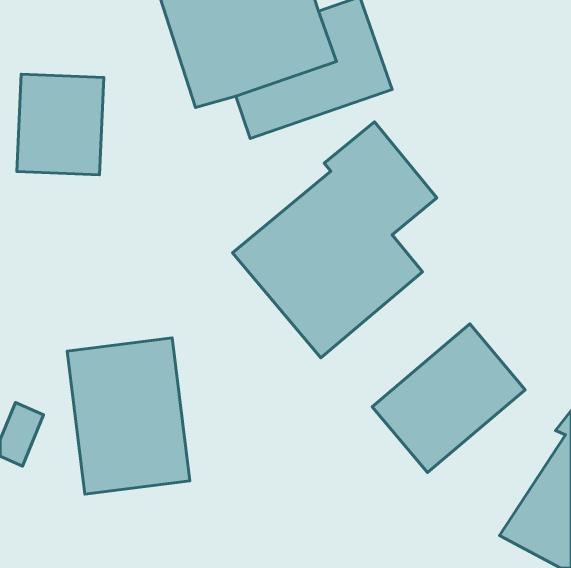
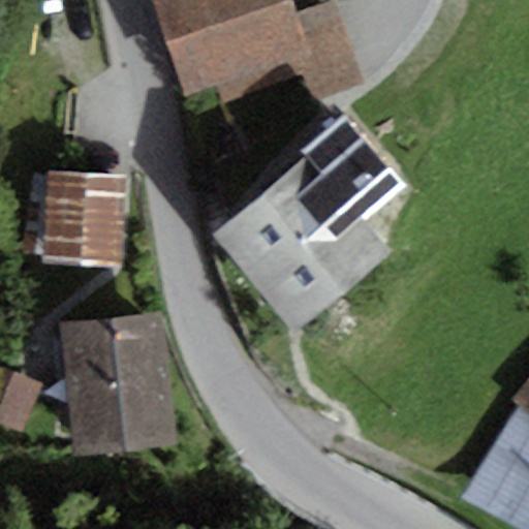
building: [17,74,104,175] -> [44,169,125,262]
building: [372,324,525,473] -> none

